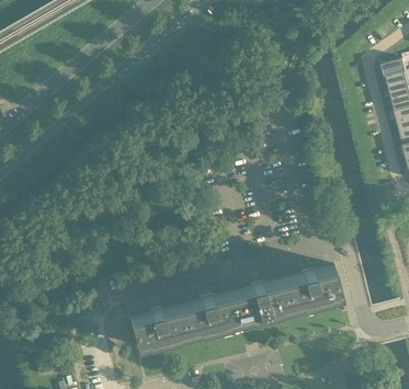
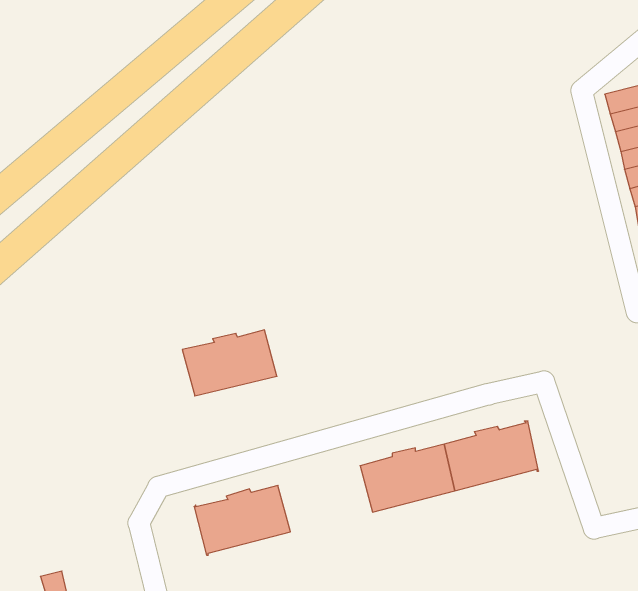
building: [181,293,239,333] -> [182,330,277,396]

